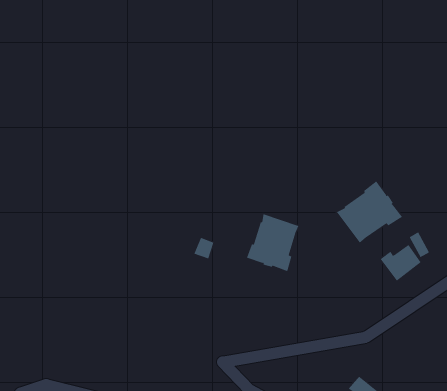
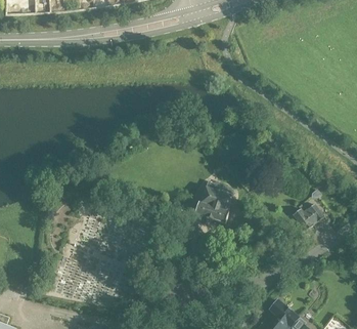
building: [336,181,403,243] -> none

